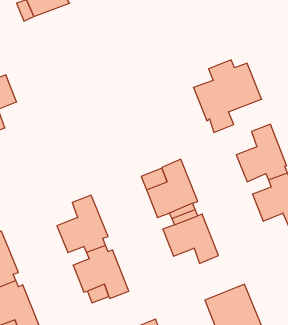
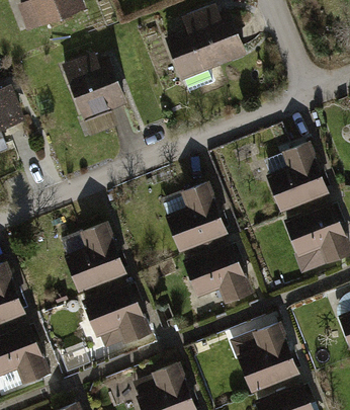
building: none -> [65,57,124,132]
building: [193,60,262,132] -> [168,10,245,92]

